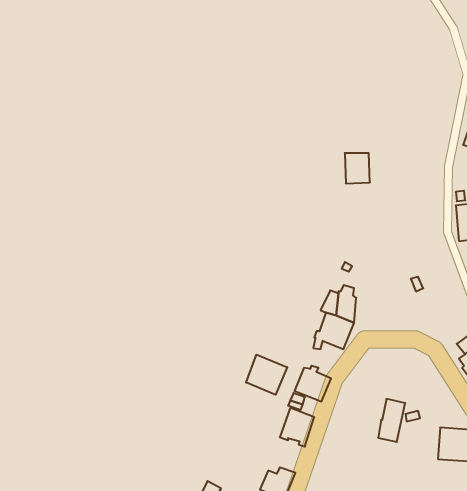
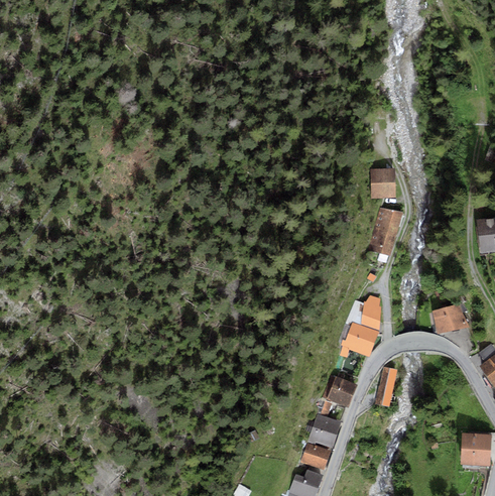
building: none -> [369,209,402,255]
building: none -> [432,302,469,334]
building: [246,355,287,395] -> none
building: [378,399,405,442] -> [375,366,401,407]
building: none -> [301,444,331,470]

